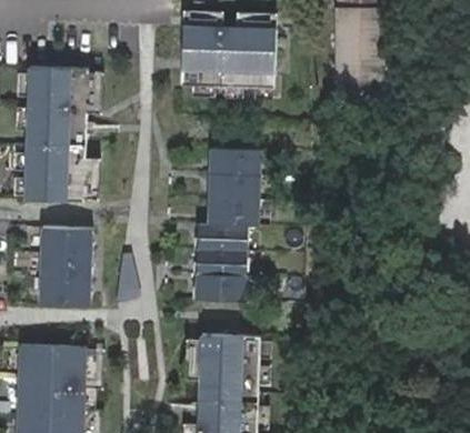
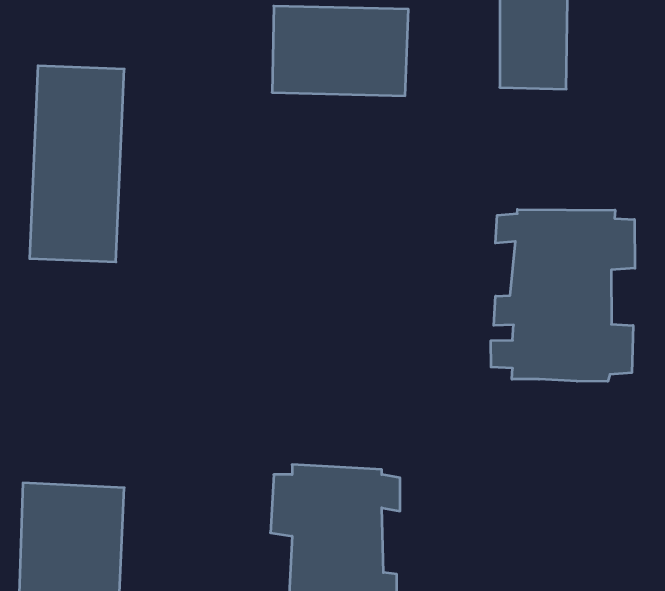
building: [197,149,259,300] -> none
building: none -> [491,209,635,381]
building: [40,228,91,302] -> none

